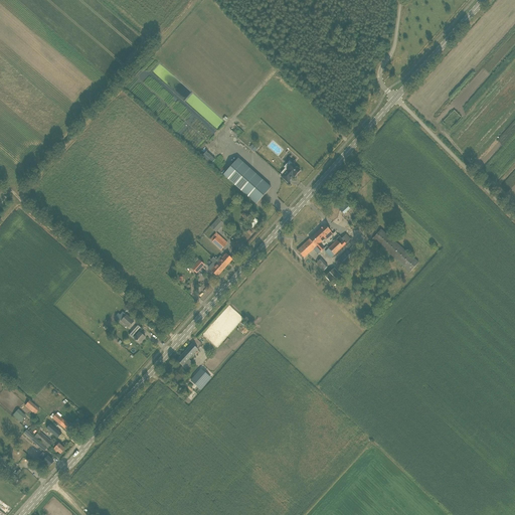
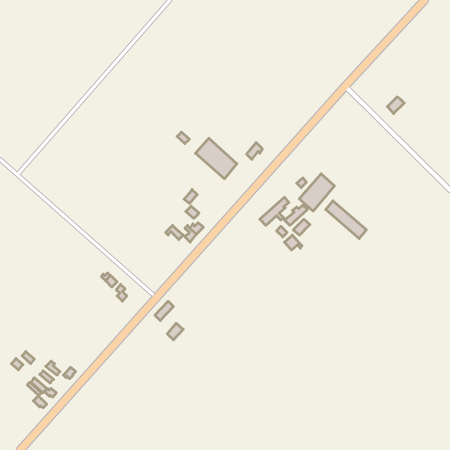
building: none -> [299,174,334,211]

